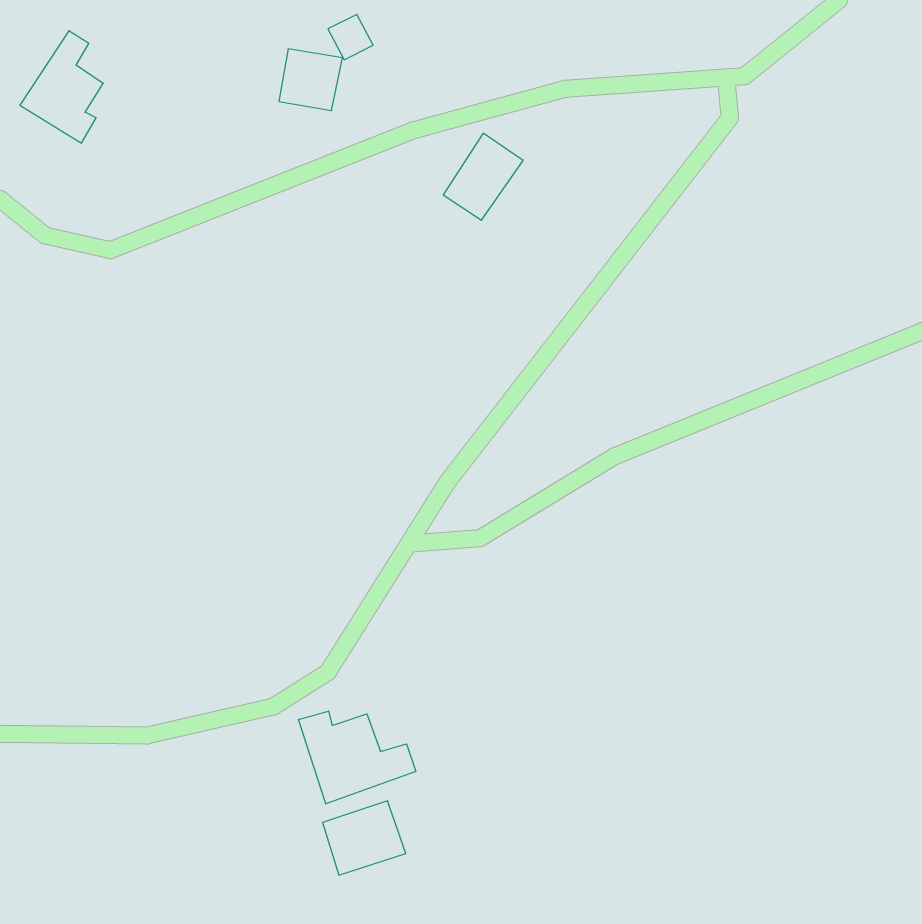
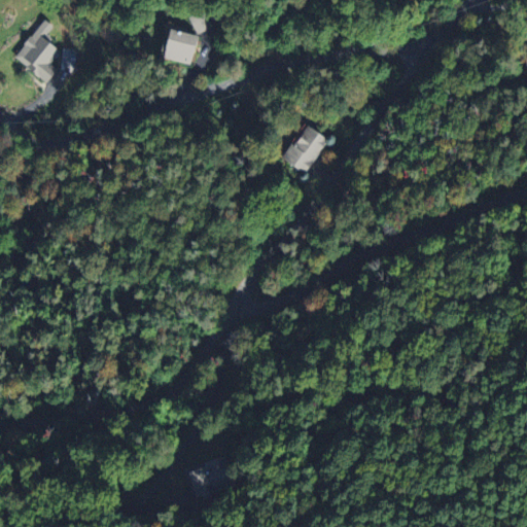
building: [443,133,523,220] -> [283,125,328,174]
building: [298,711,416,804] -> none

